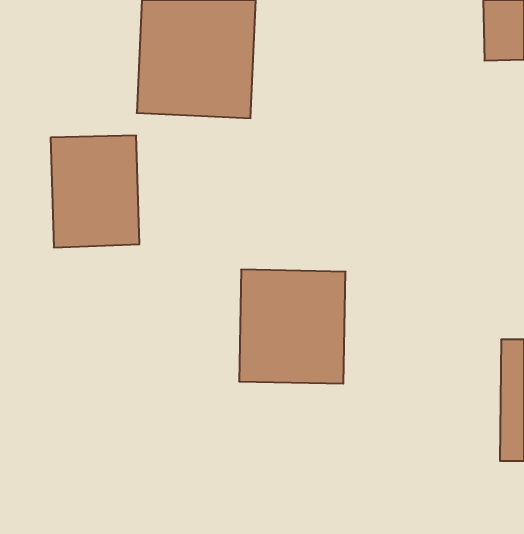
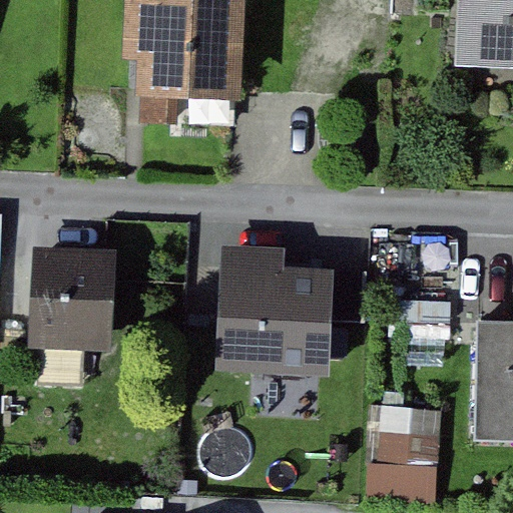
building: [51,136,139,247] -> [31,242,116,350]
building: none -> [366,407,429,496]

